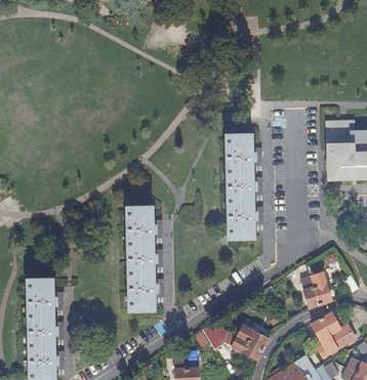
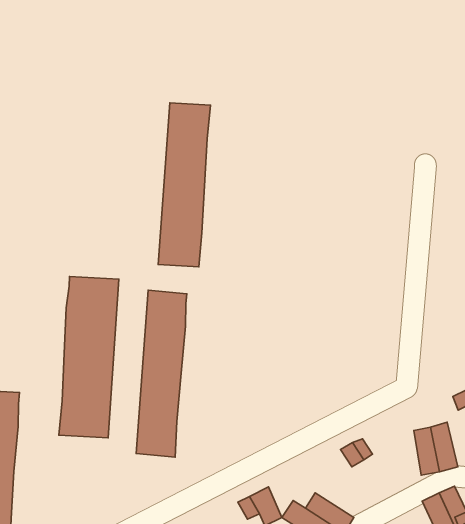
building: [226,135,253,239] -> [158,103,210,267]
building: none -> [59,277,119,438]

